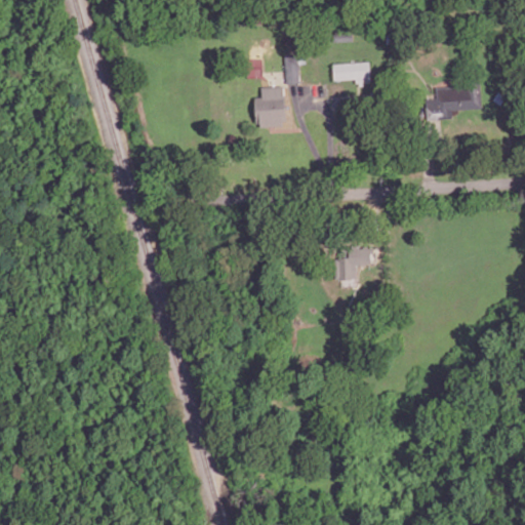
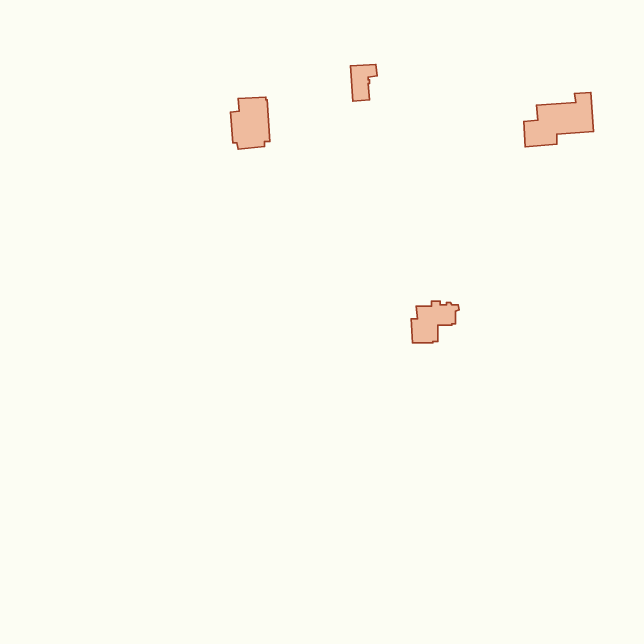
building: [332,62,370,87] -> none
building: [254,86,286,128] -> [230,97,270,149]

